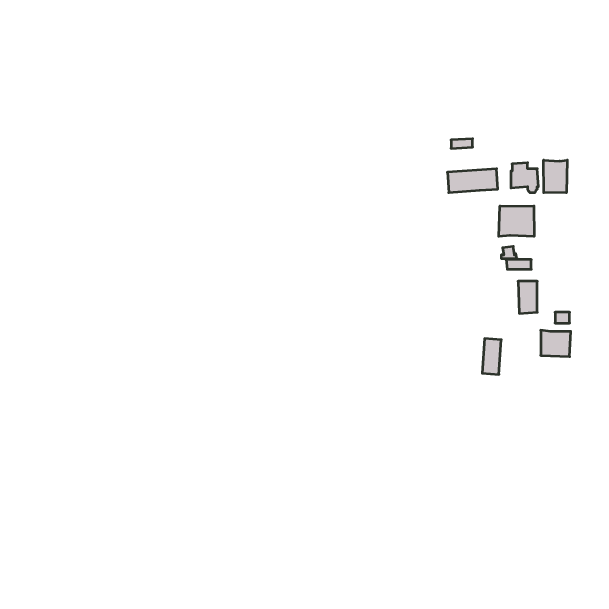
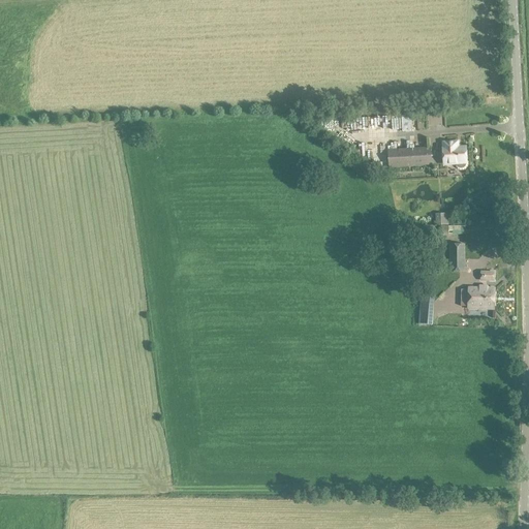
building: [544,160,567,193] -> none
building: [499,206,534,236] -> none

